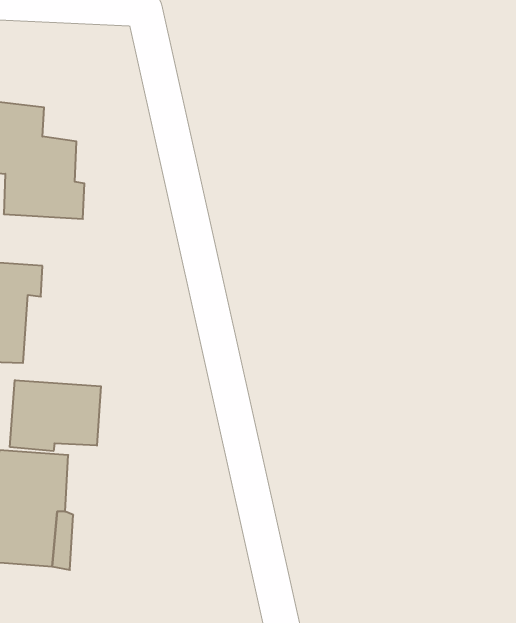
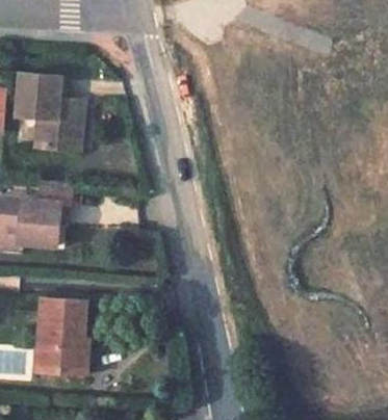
building: [10,380,101,451] -> none

